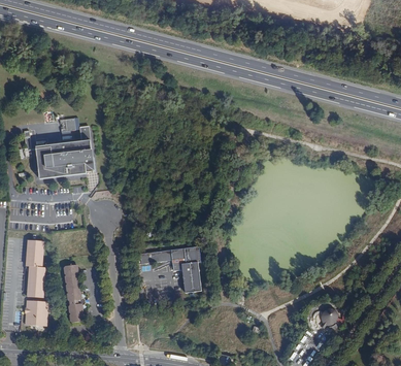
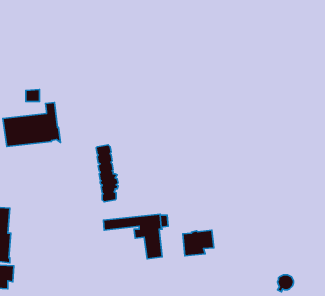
building: none -> [183,230,214,256]
building: [64,264,87,323] -> [96,145,118,202]

